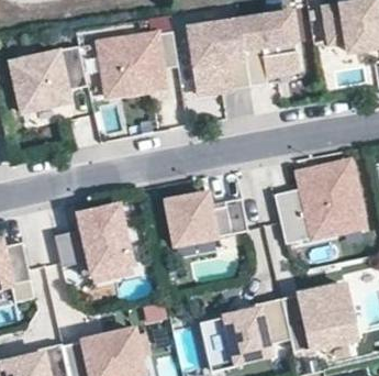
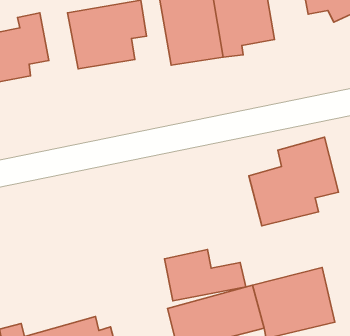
building: [167,190,244,239] -> [165,250,246,301]
building: [59,206,137,278] -> none

